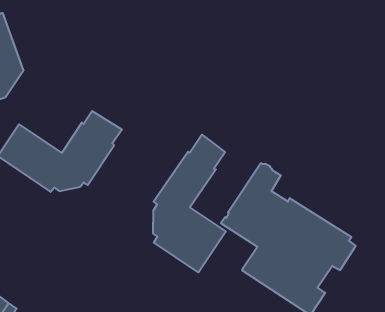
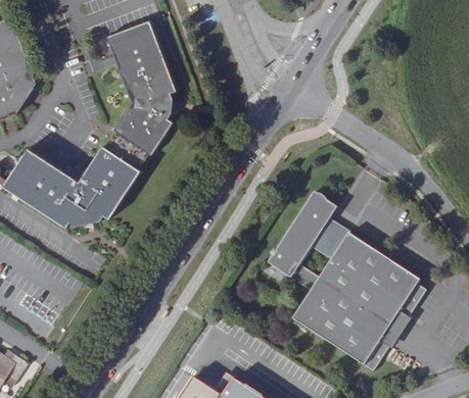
building: none -> [107,21,177,155]
building: [153,135,226,272] -> none

